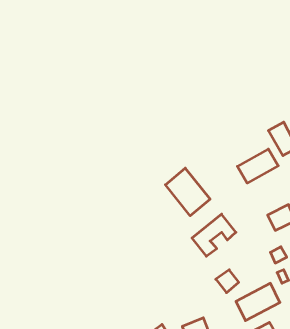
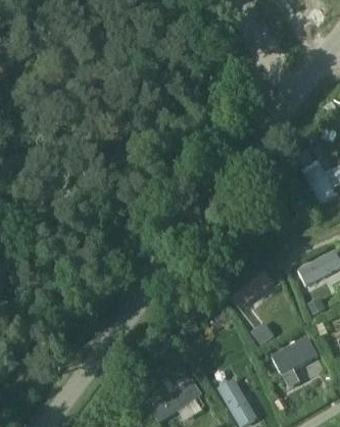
building: [237,149,278,183] -> none
building: [165,168,210,216] -> none

